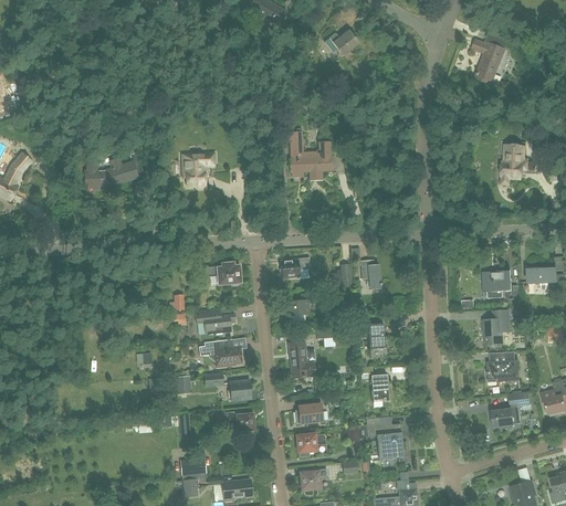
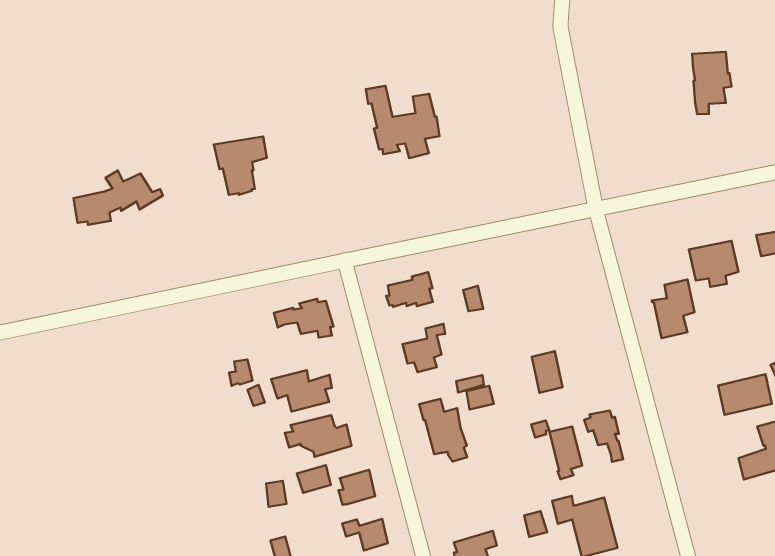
building: [361,257,381,287] -> none
building: [483,308,510,344] -> [652,280,695,338]
building: none -> [584,410,623,462]
building: [294,403,323,423] -> none

